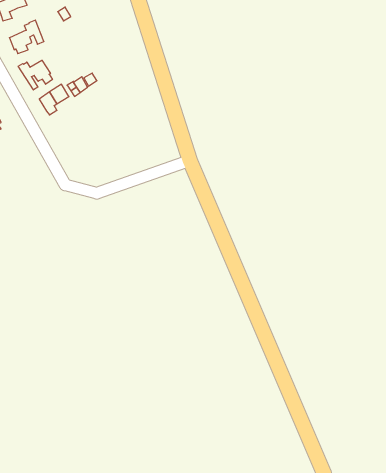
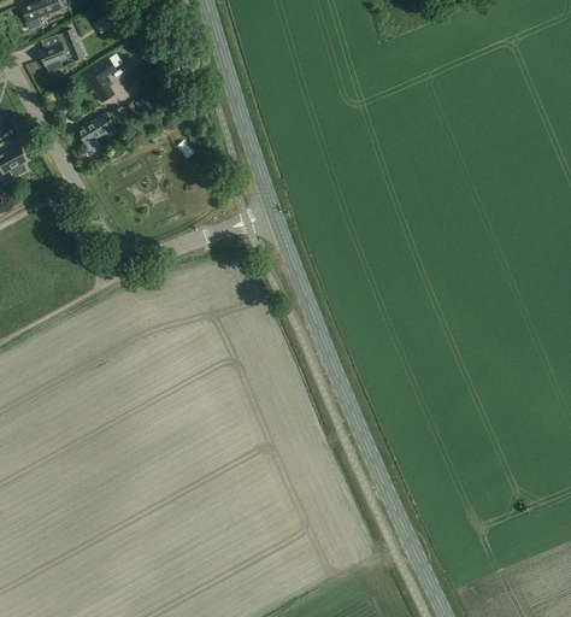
building: [18,60,52,90] -> none

